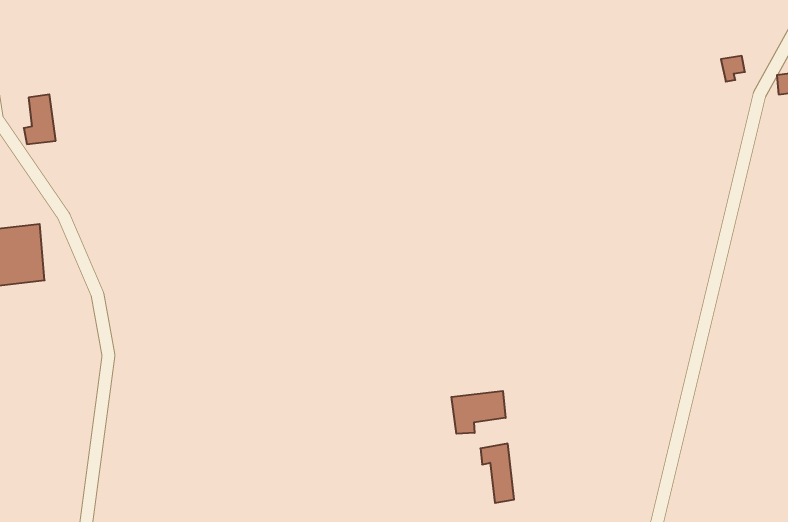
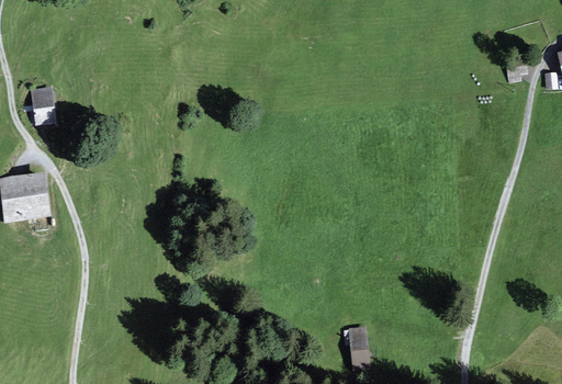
building: [451,391,506,434] -> none

